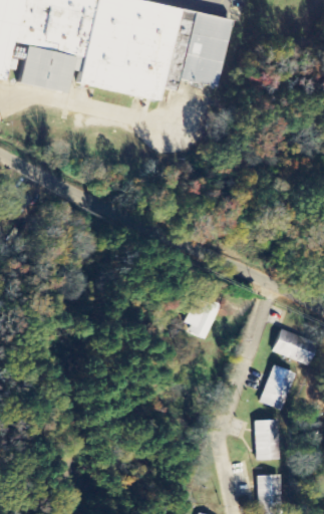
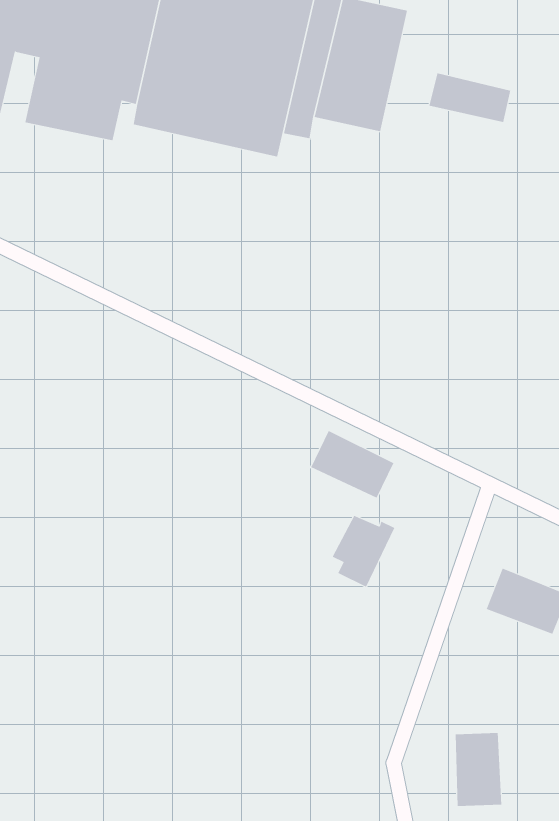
building: none -> [429,72,511,123]
building: none -> [310,430,394,499]
building: [259,364,295,410] -> none

